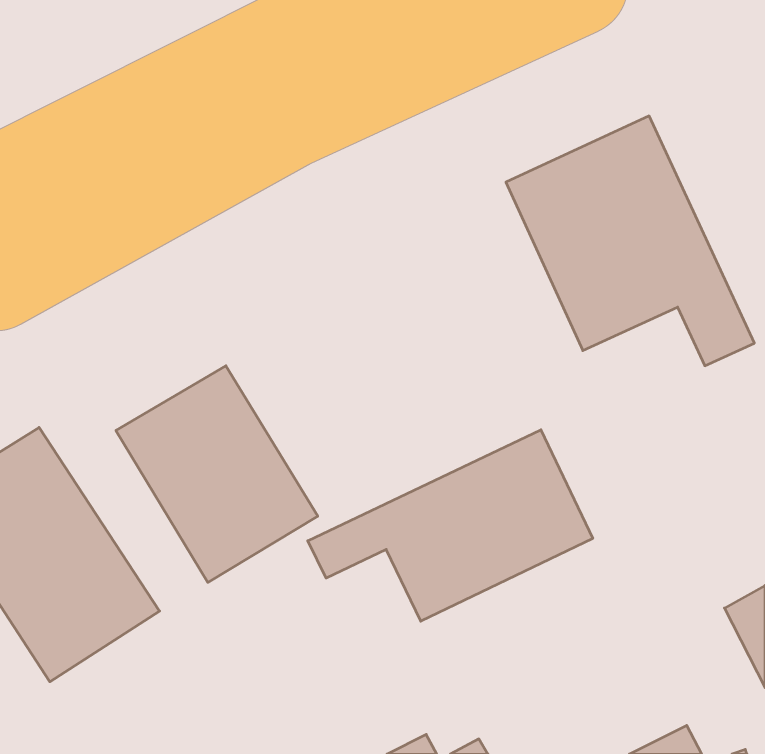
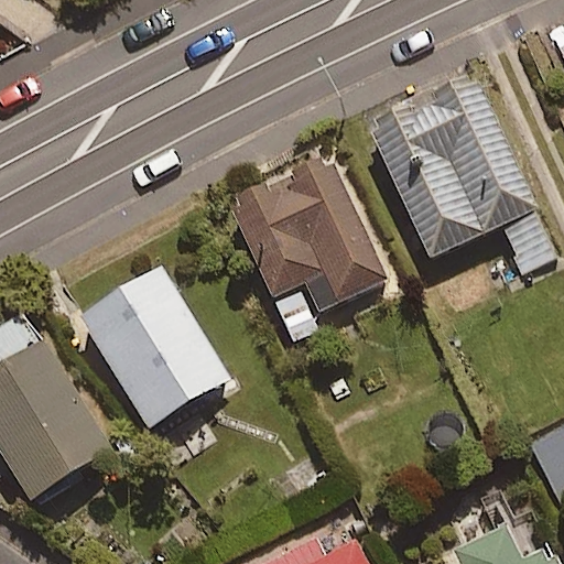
building: none -> [225,162,384,328]
building: [308,430,593,621] -> none

